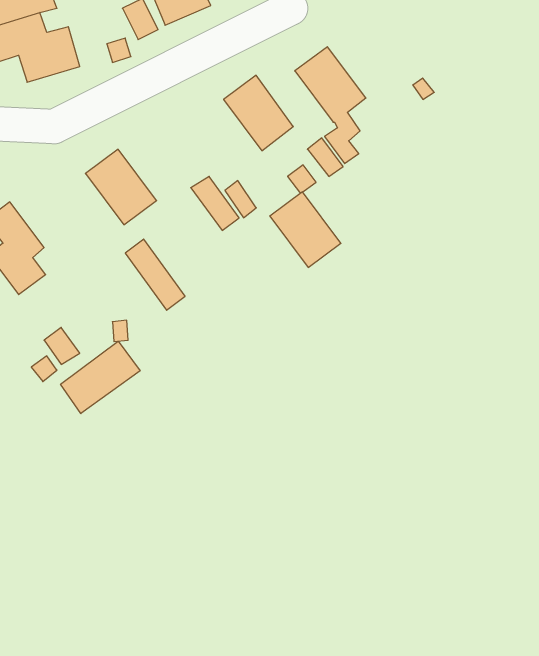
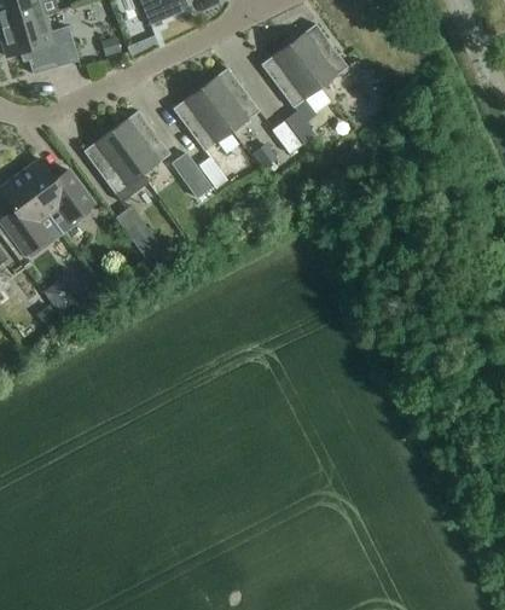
building: none -> [289,24,348,87]
building: none -> [111,110,170,174]
building: none -> [19,158,93,223]
building: [270,192,341,267] -> [173,88,233,152]
building: [61,341,140,414] -> none

